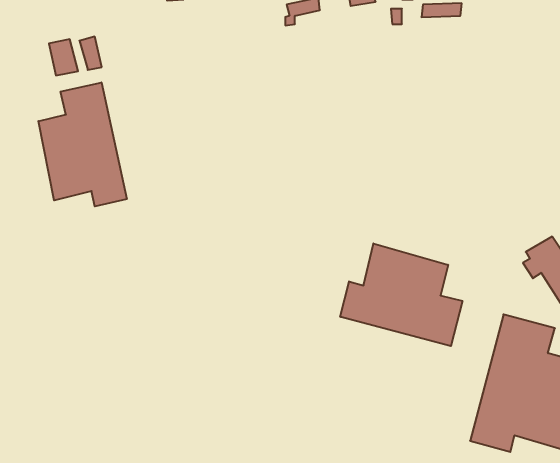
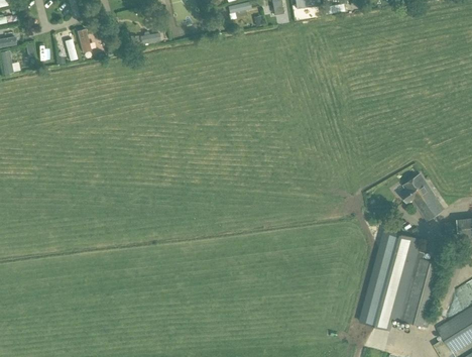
building: [38,82,127,206] -> none
building: [340,243,462,346] -> none

